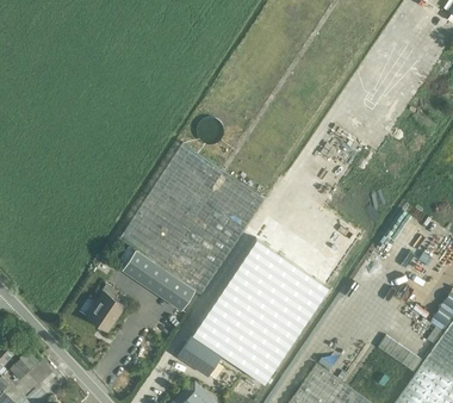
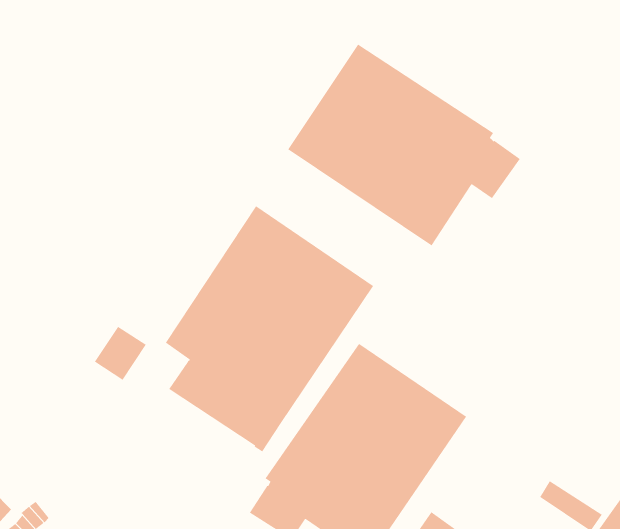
building: none -> [287,44,521,246]
building: [87,294,124,333] -> [94,326,147,381]

